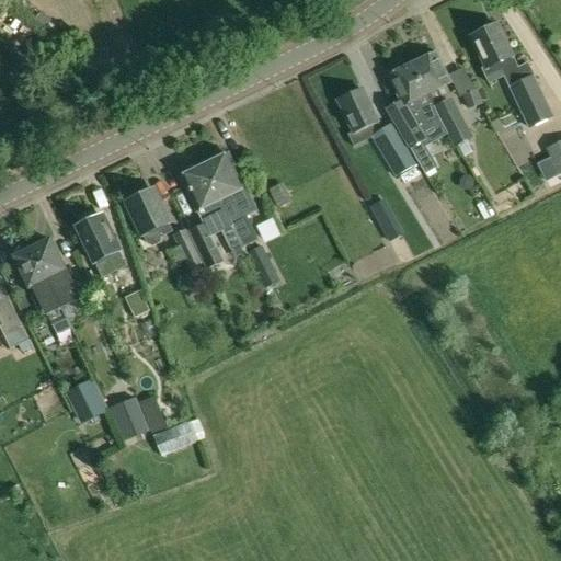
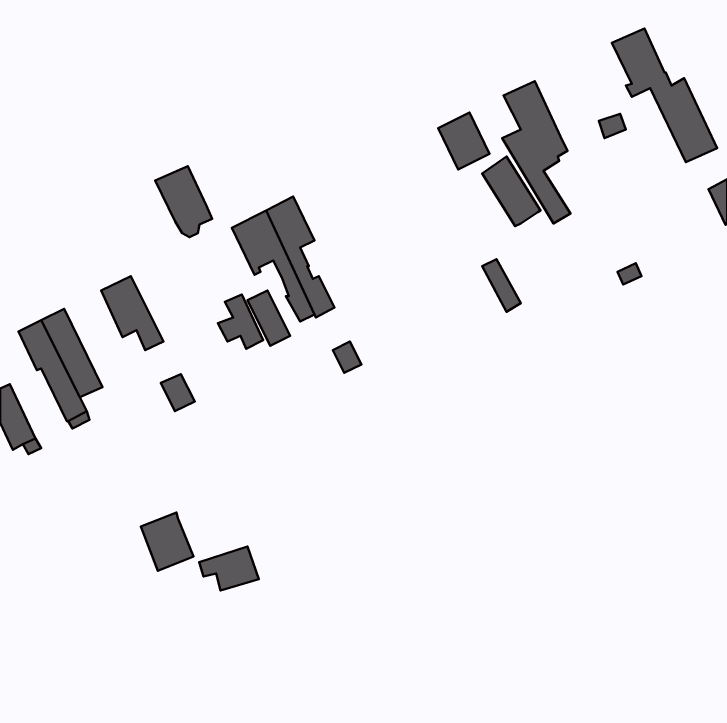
building: [412,50,473,153] -> none
building: [127,188,171,243] -> [155,166,212,237]
building: [66,377,106,421] -> none
building: [137,393,167,432] -> none

